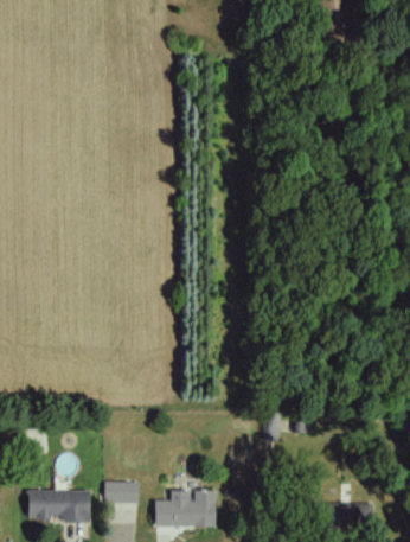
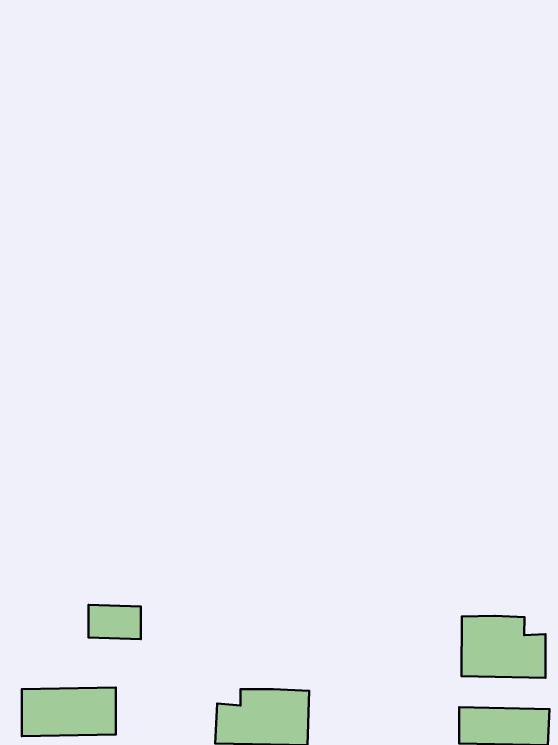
building: none -> [461,616,546,678]
building: [104,480,139,503] -> [88,605,141,639]

